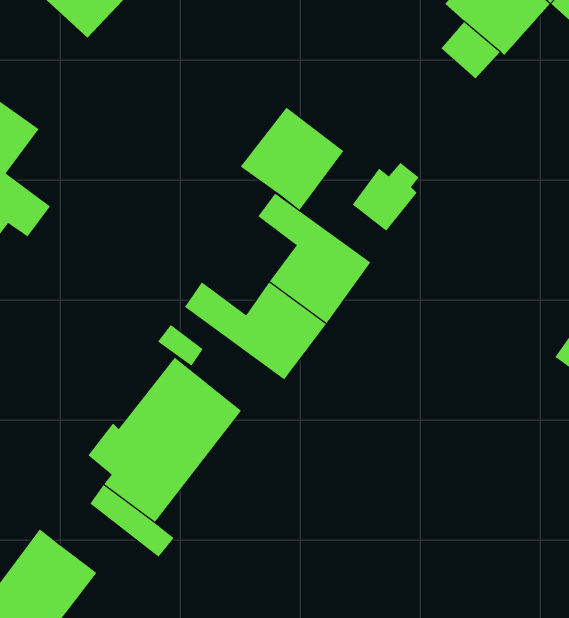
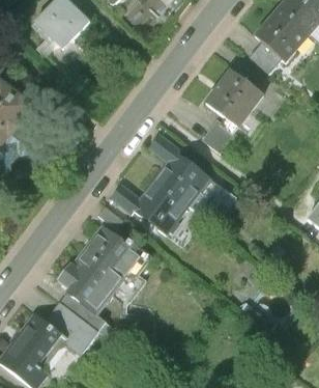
building: [240,107,344,211] -> [205,71,261,127]
building: none -> [44,302,97,356]

